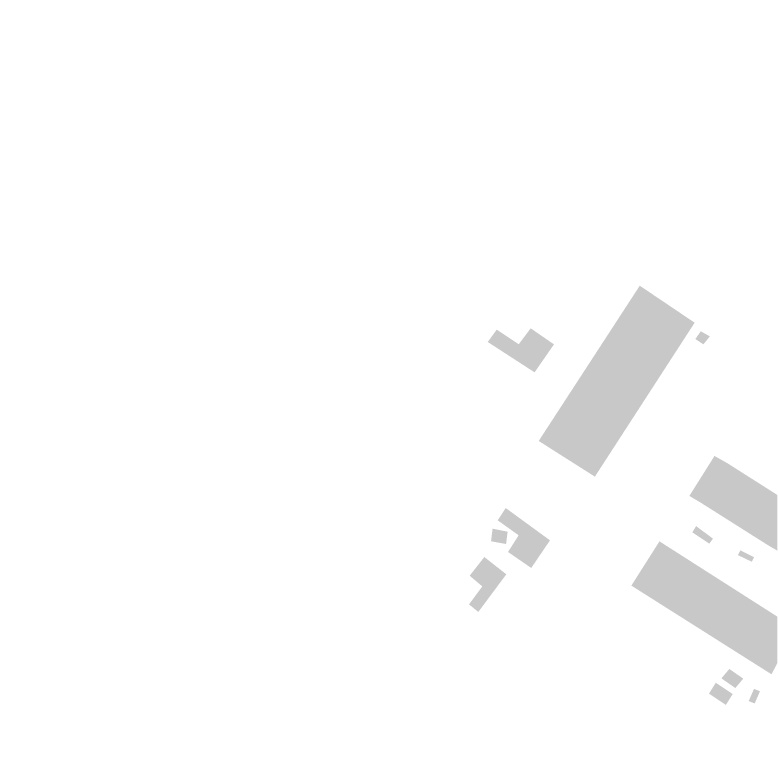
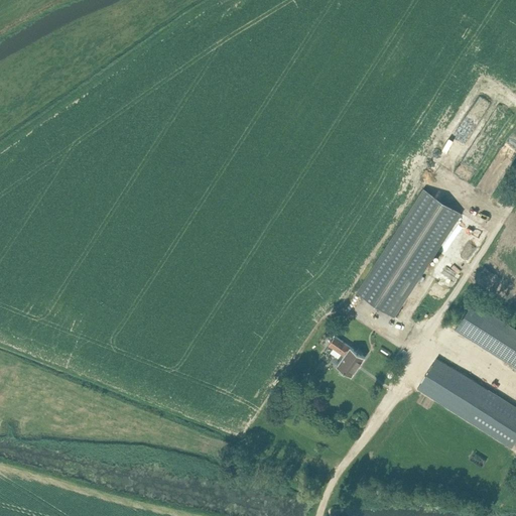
building: [487,327,555,373] -> none
building: [468,556,507,613] -> none

